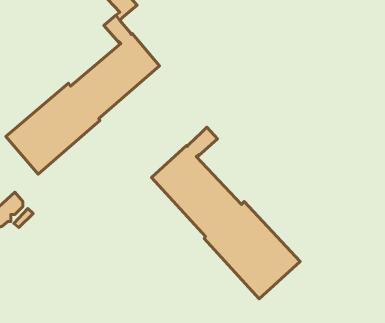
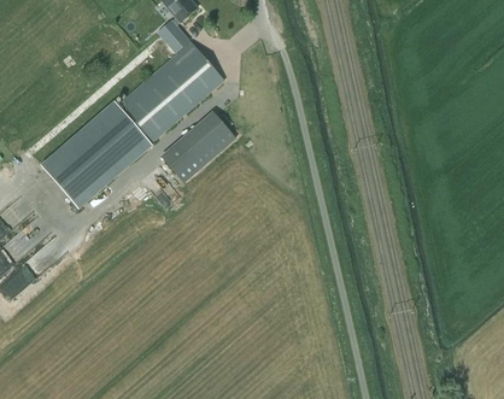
building: none -> [163,115,235,182]
building: [152,127,300,299] -> none

